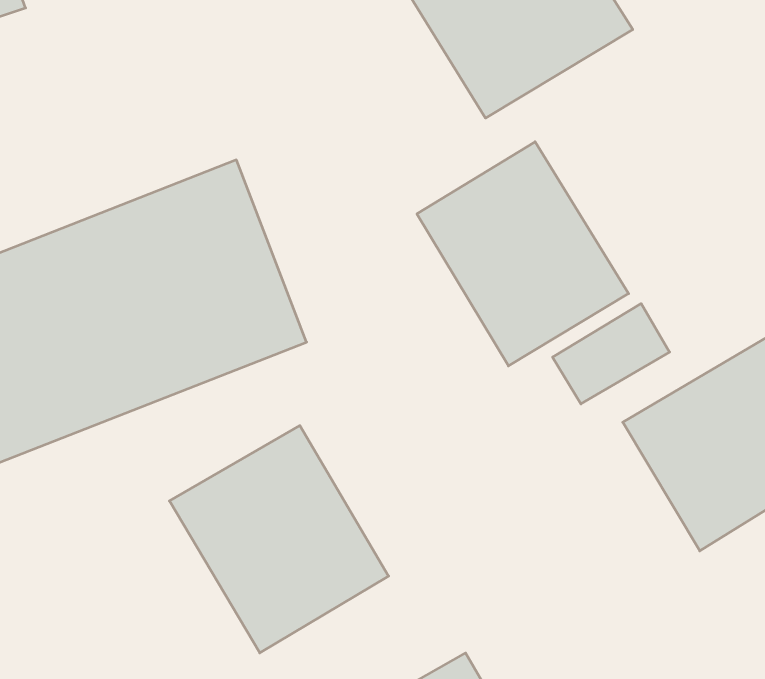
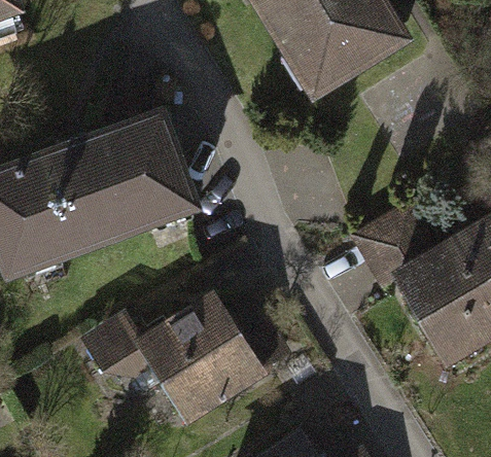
building: [417,142,629,366] -> none

